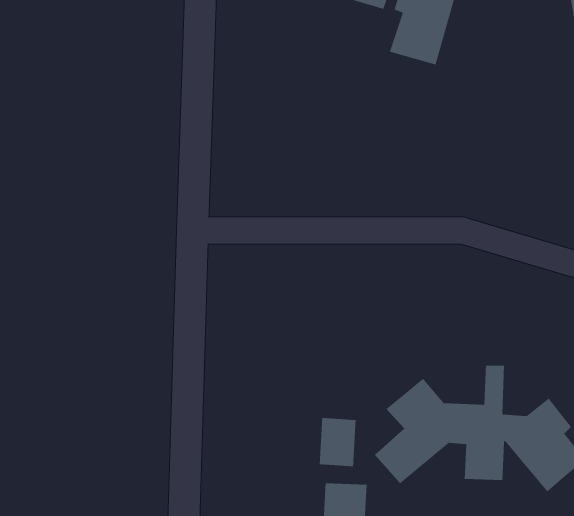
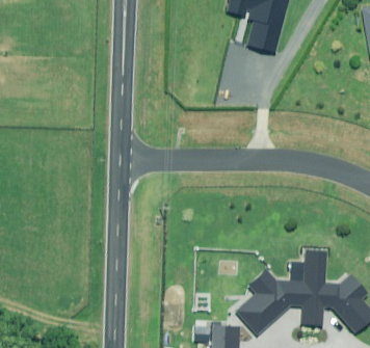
building: [319,417,356,467] -> none

